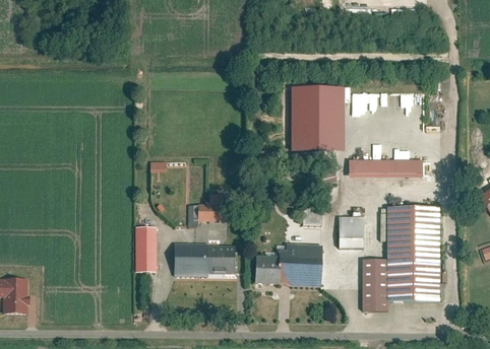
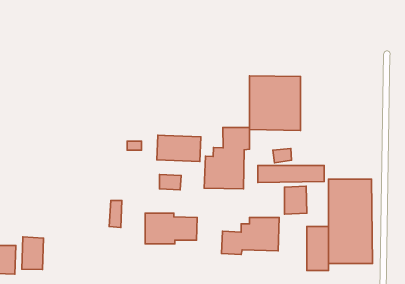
building: none -> [204,127,250,189]
building: none -> [157,135,201,162]
building: [353,159,428,179] -> [258,165,324,183]
building: none -> [22,237,43,270]

